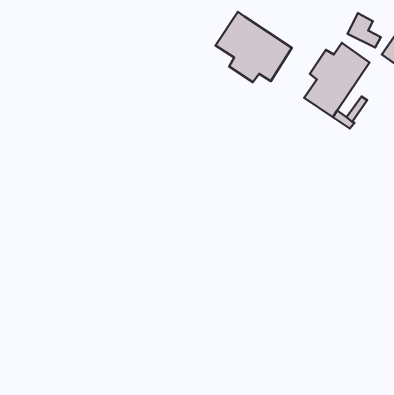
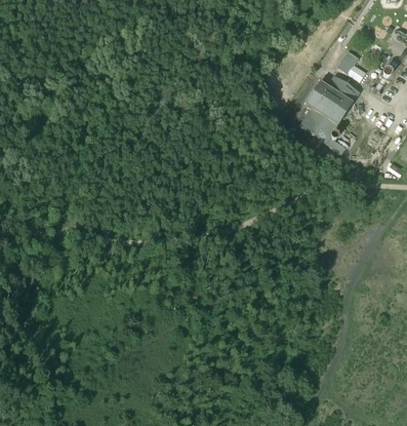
building: [216,12,292,82] -> none

